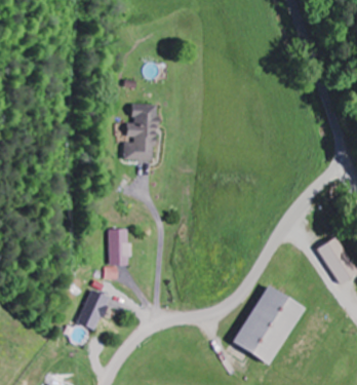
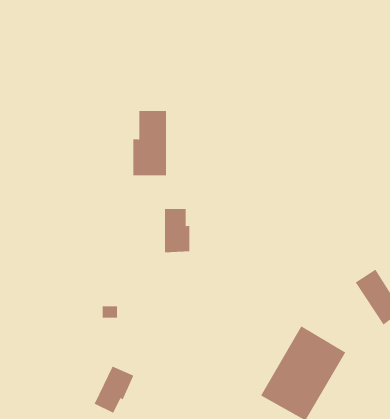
building: [108,229,129,266] -> [164,208,190,253]
building: [75,290,109,330] -> [94,366,134,414]

